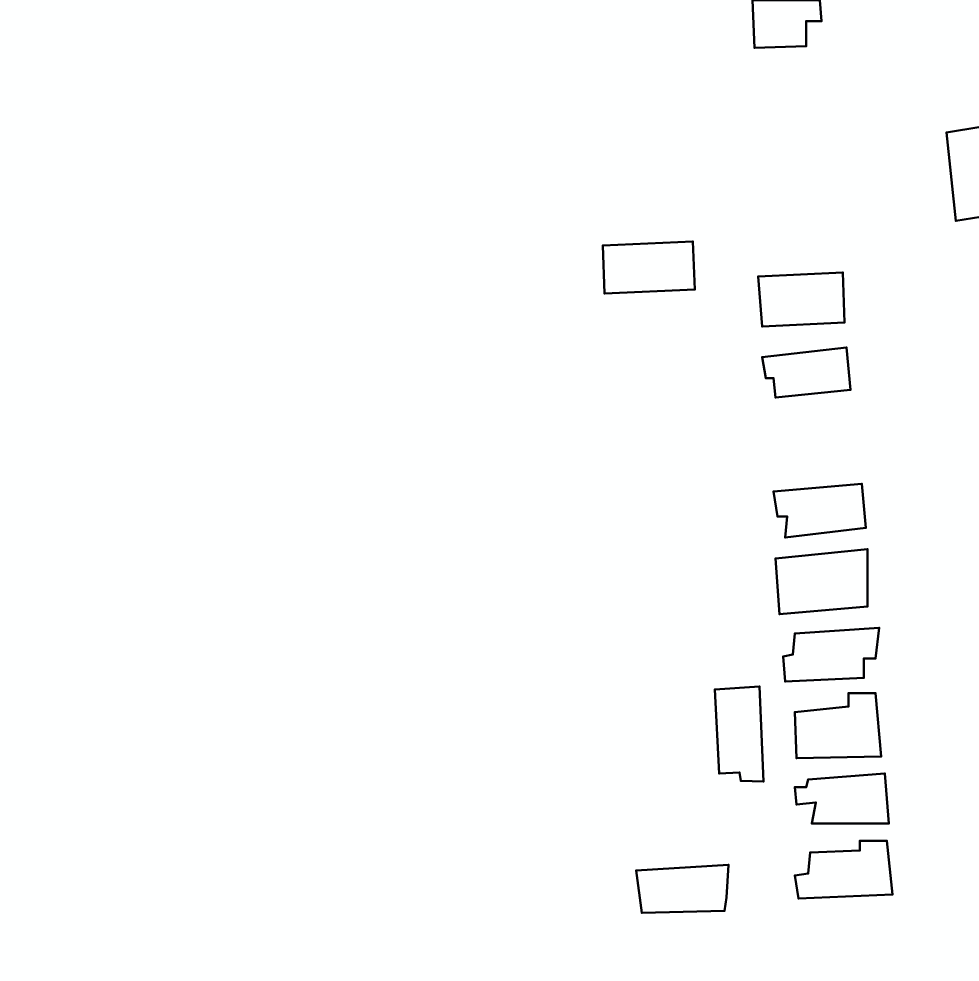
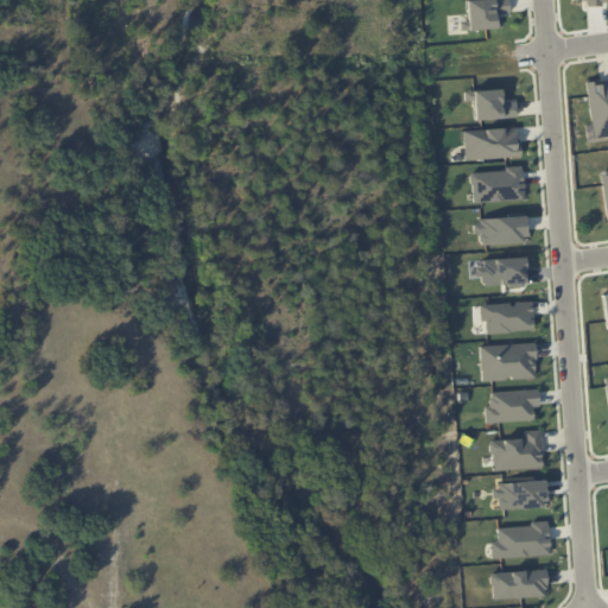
building: none -> [464,89,517,120]
building: [603,242,695,293] -> [463,127,520,159]
building: none -> [479,256,528,286]
building: [715,687,763,782] -> none
building: [636,865,728,913] -> [492,569,549,598]

